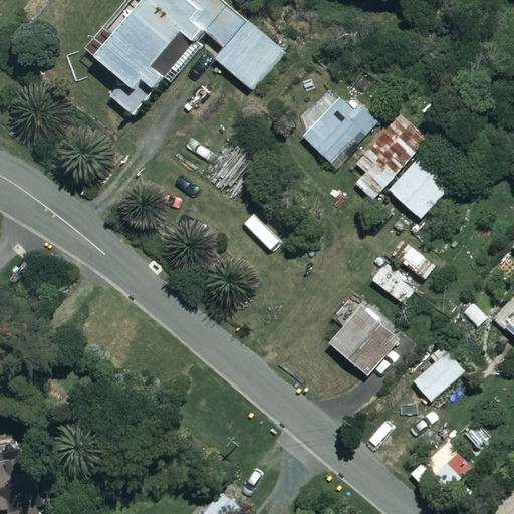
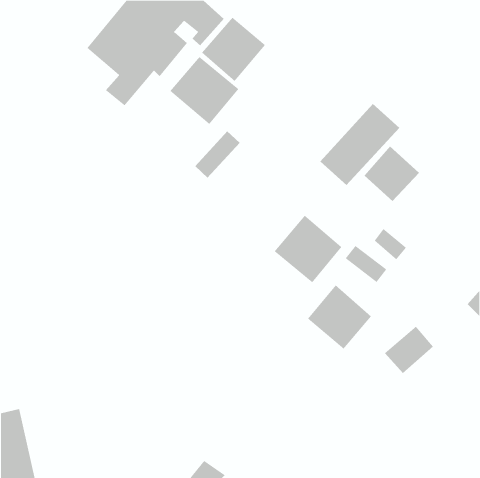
building: none -> [169,56,239,125]
building: [295,90,377,167] -> none
building: none -> [274,215,342,283]

